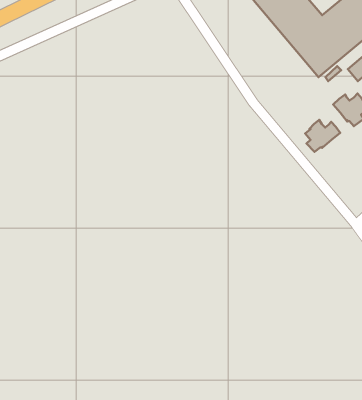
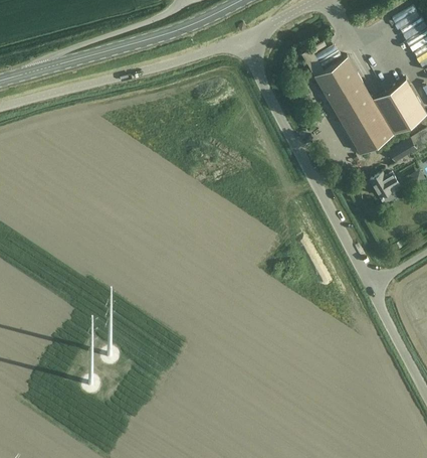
building: [305,120,340,152] -> none

